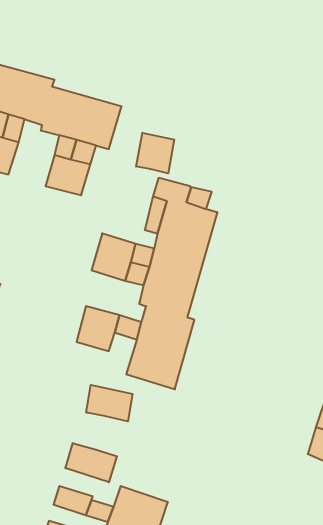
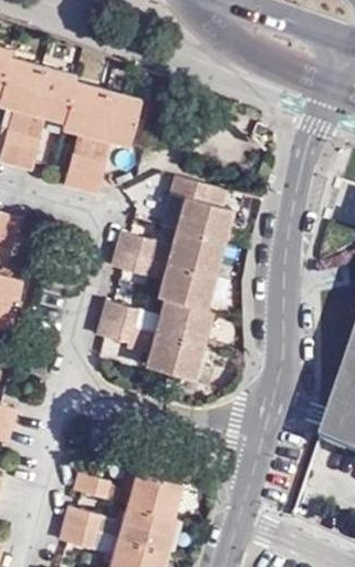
building: [136,133,174,173] -> none
building: [86,385,133,421] -> none
building: [65,443,117,482] -> none

